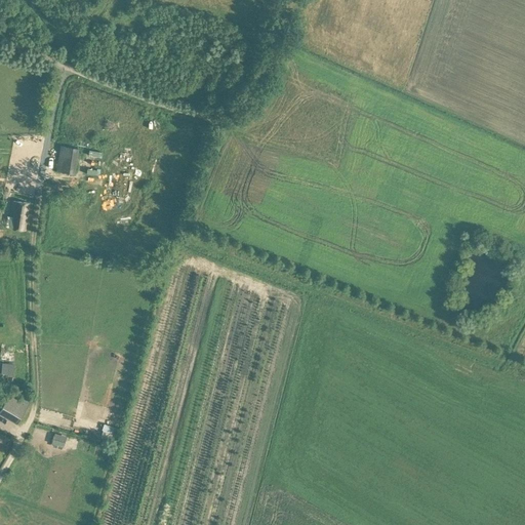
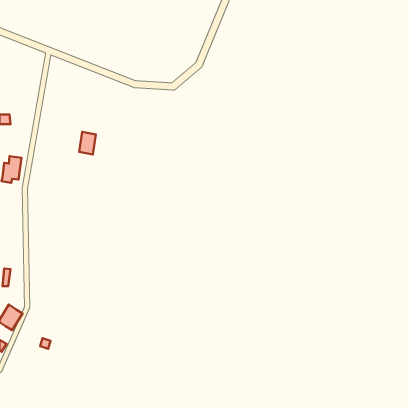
building: [55,147,77,175] -> [79,132,96,154]

